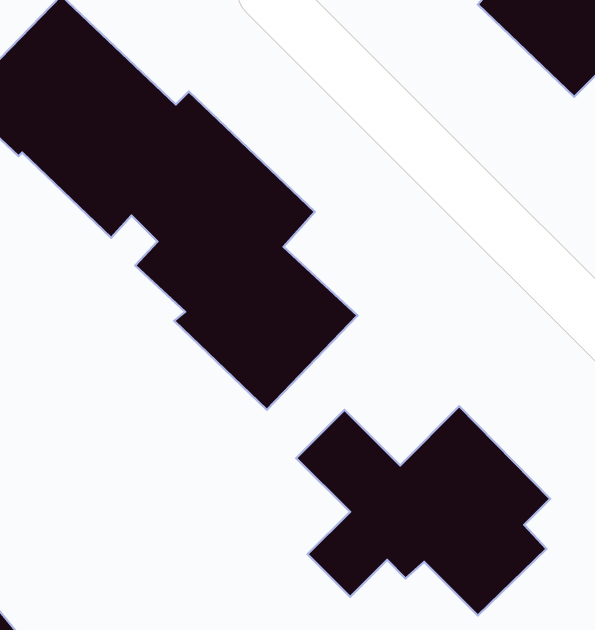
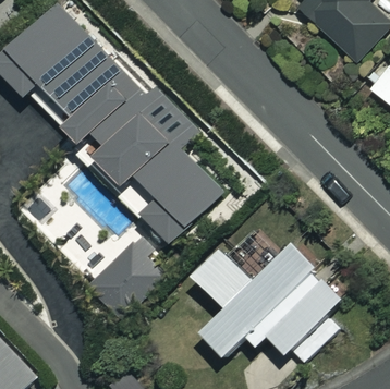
building: none -> [89,240,171,318]

